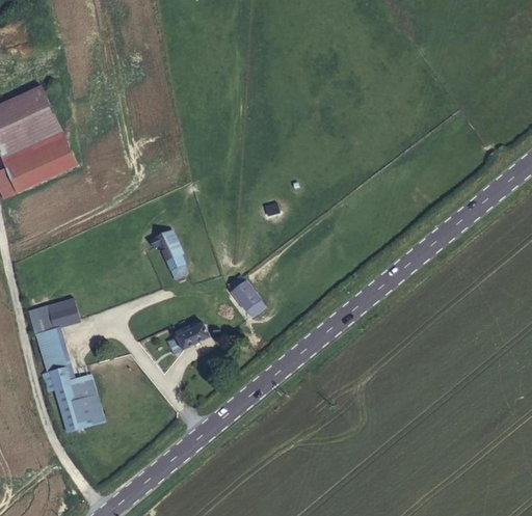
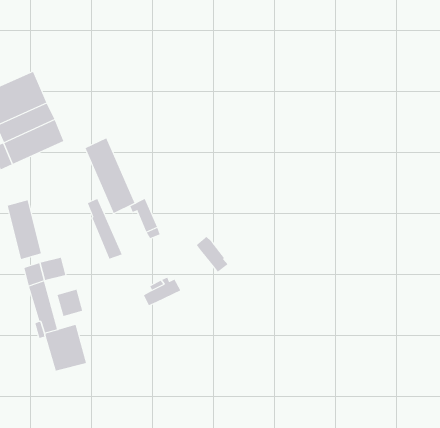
building: none -> [85,137,135,214]
building: none -> [87,198,122,260]
building: none -> [7,199,41,260]
building: none -> [57,289,83,317]

